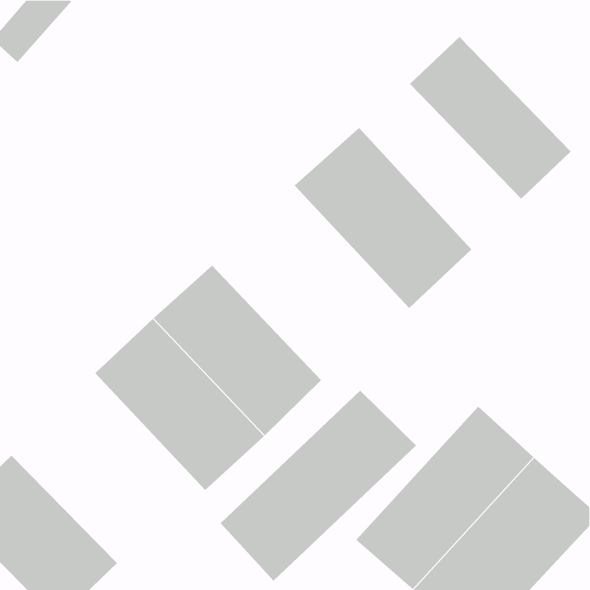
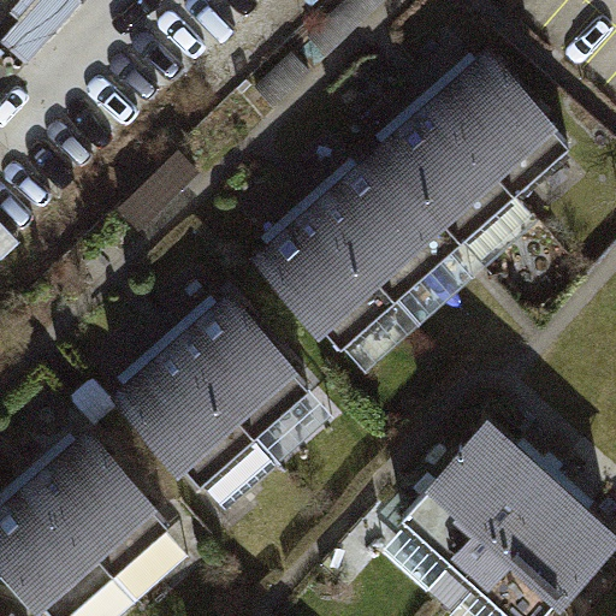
building: none -> [371,93,538,263]
building: none -> [243,197,422,381]
building: [220,390,417,582] -> none
building: none -> [12,414,184,587]

